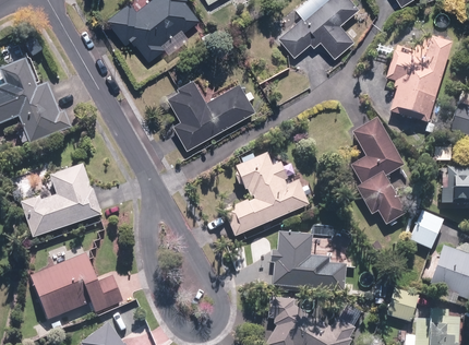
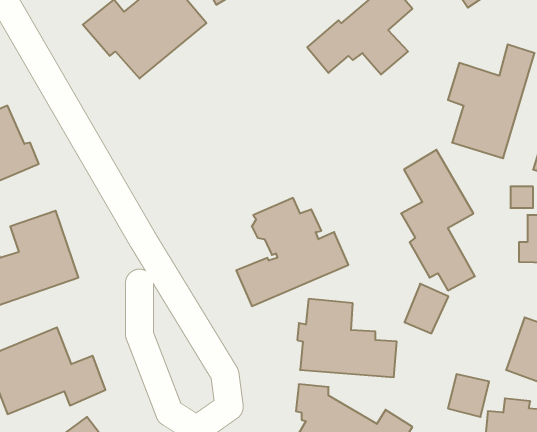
building: [166,78,255,150] -> none
building: [409,210,443,248] -> [404,284,448,333]

